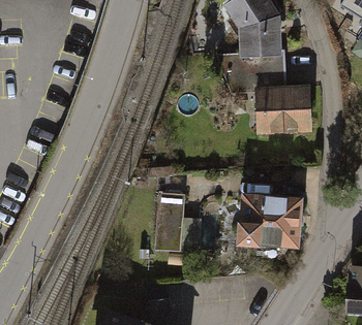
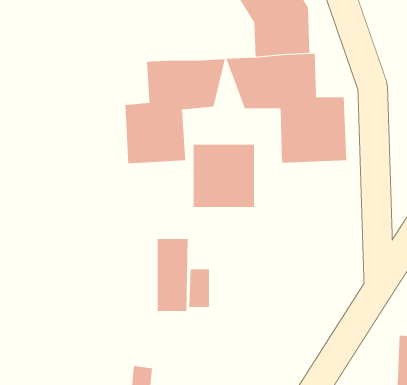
building: none -> [125,59,226,164]
building: [244,198,293,248] -> [193,144,255,208]

